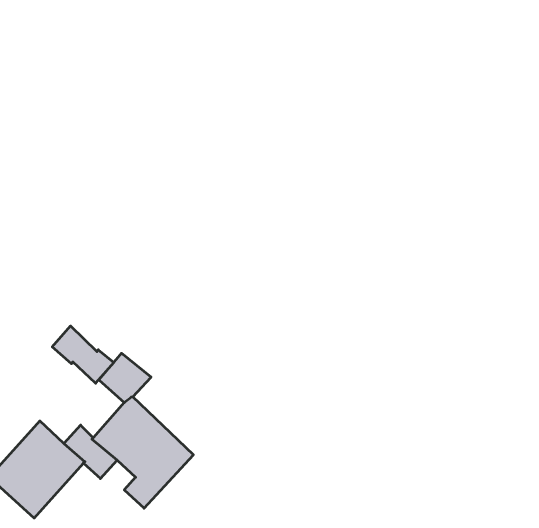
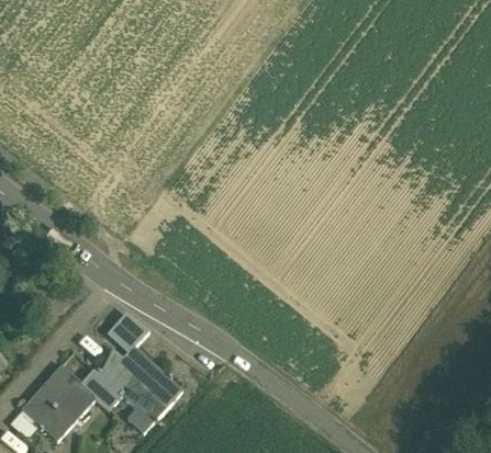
building: [52,326,114,383] -> none

